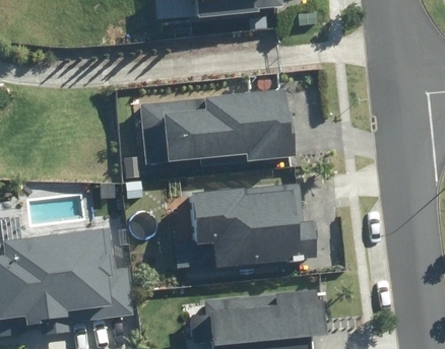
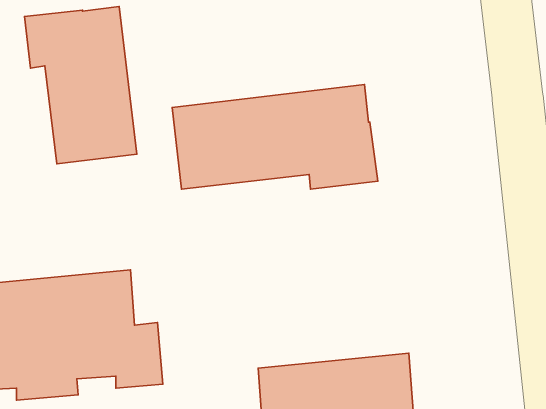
building: none -> [24,7,137,164]
building: [188,187,315,268] -> none

